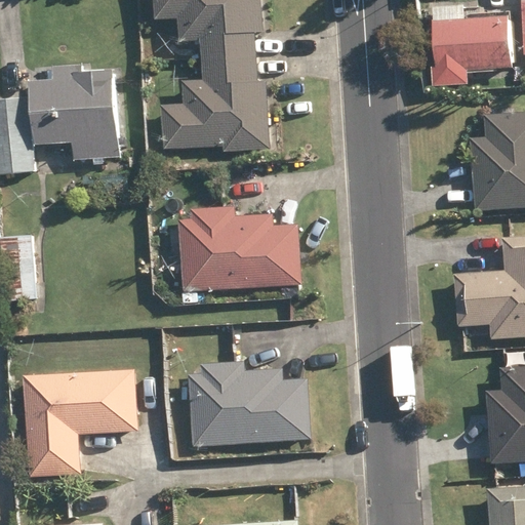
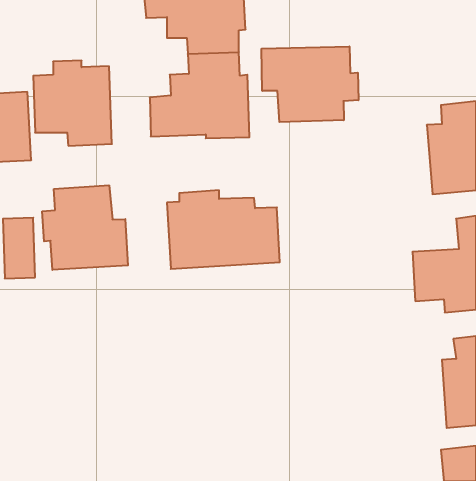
building: [422,4,503,70] -> none
building: none -> [262,46,358,122]
building: none -> [42,185,128,270]
building: [189,362,313,447] -> none
building: [26,369,139,476] -> none

